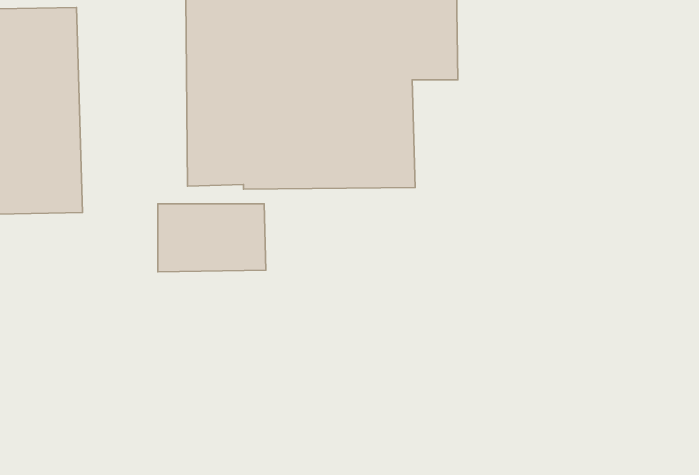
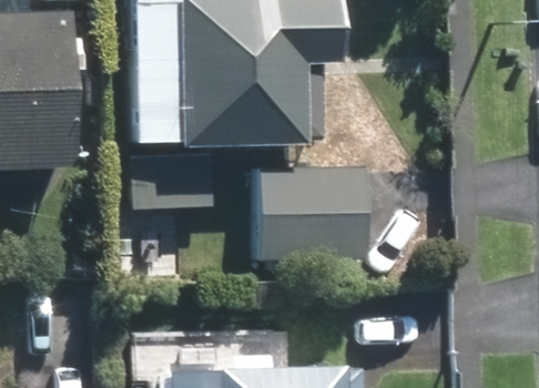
building: none -> [252,167,362,259]

